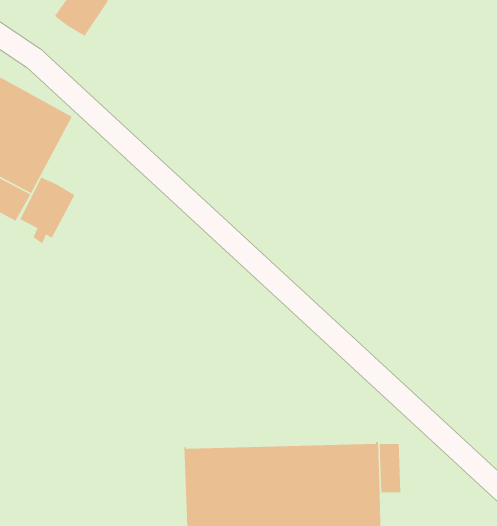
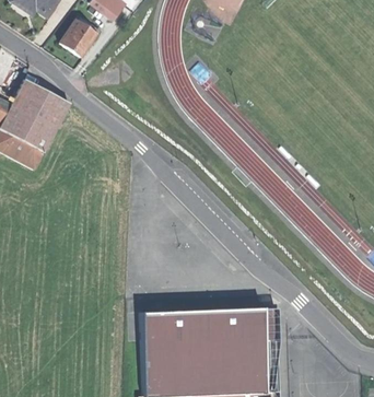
building: [19,177,75,245] -> none

